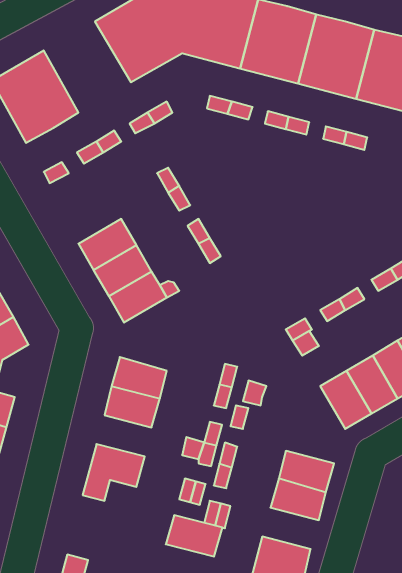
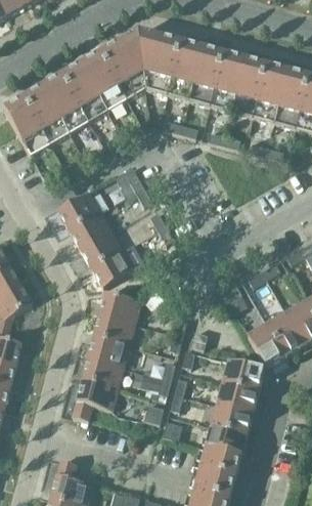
building: none -> [43,64,107,131]
building: none -> [57,191,100,228]
building: none -> [99,291,140,323]
building: none -> [82,355,123,386]
building: none -> [222,360,264,391]
building: [166,515,222,557] -> [205,424,247,455]

